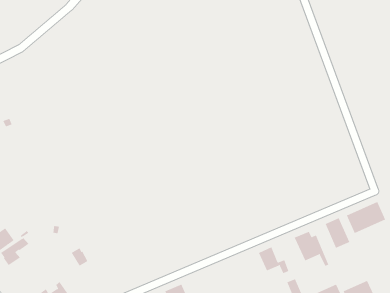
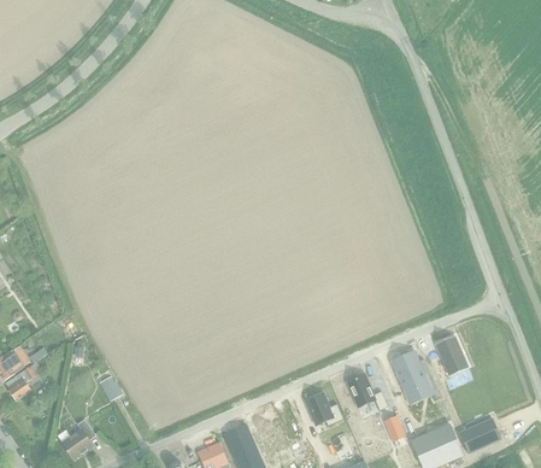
building: [346,201,386,234] -> none
building: none -> [304,391,342,425]

